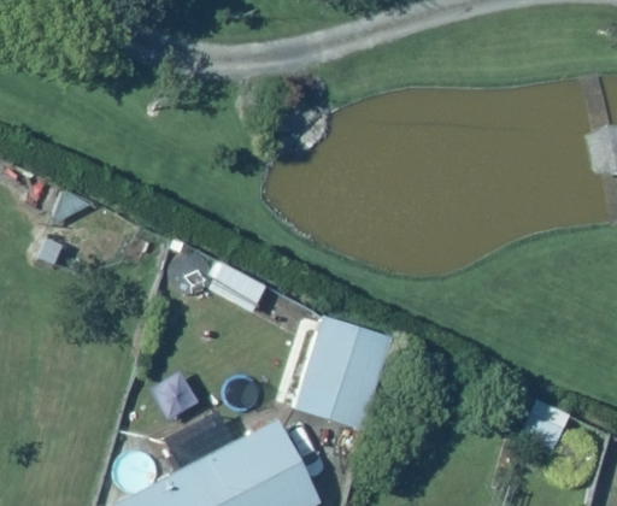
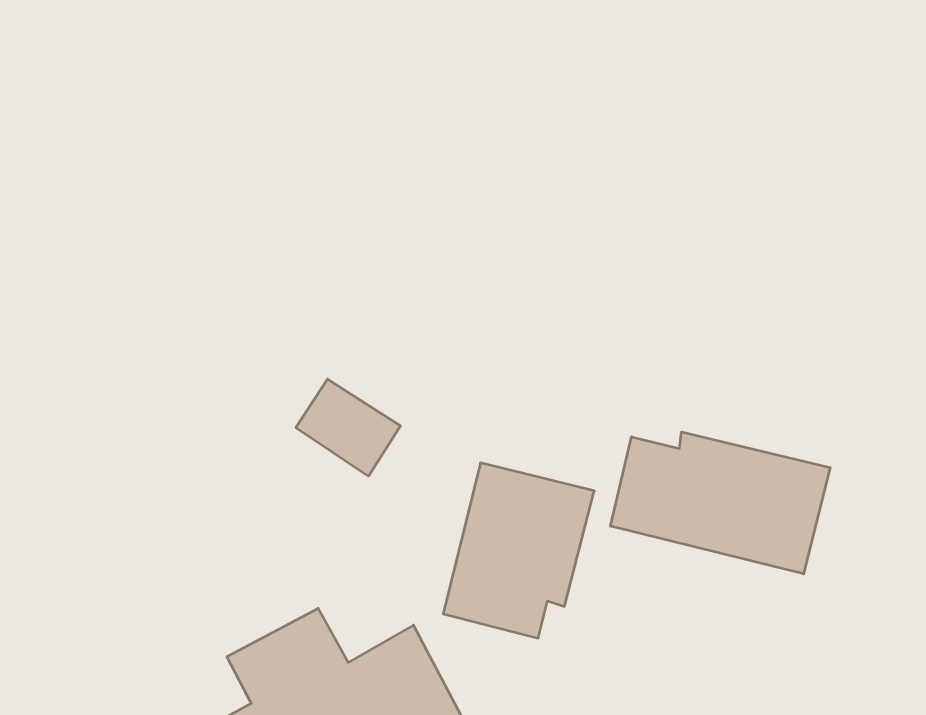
building: none -> [611,432,830,574]

